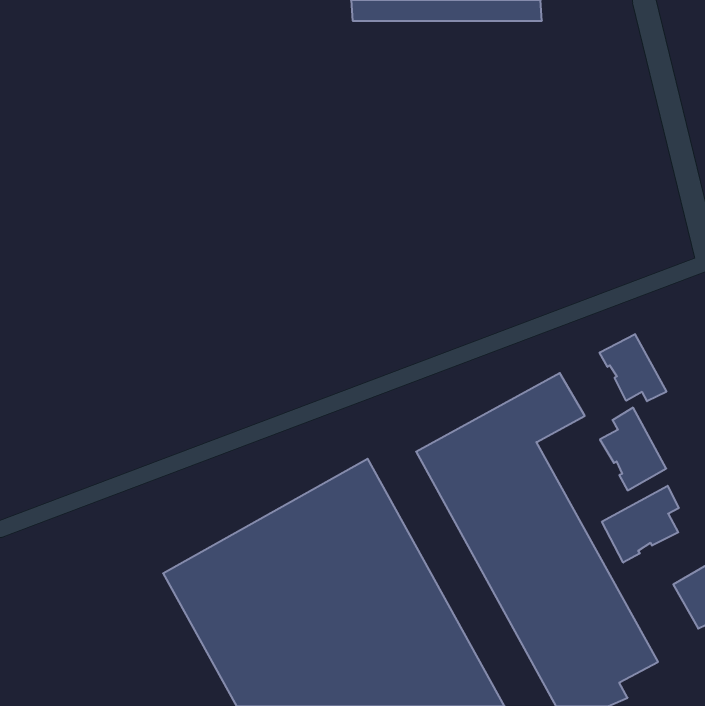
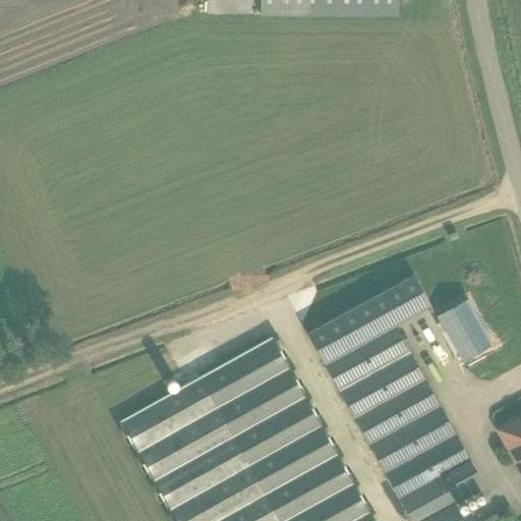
building: [600,334,666,401] -> none
building: [602,486,679,563] -> none

